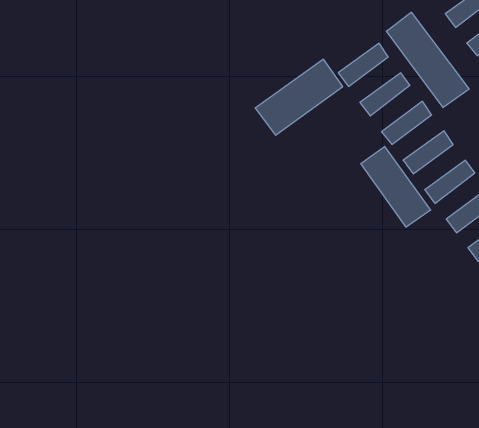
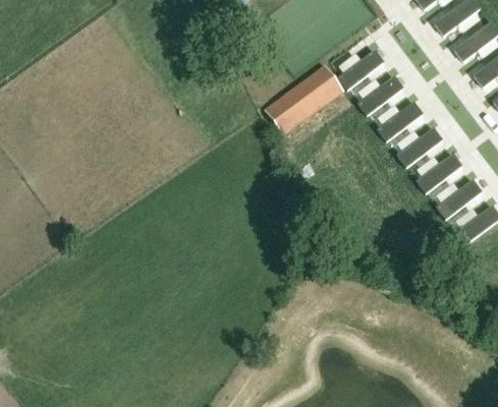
building: [386,12,469,108] -> none
building: [361,146,431,227] -> none

